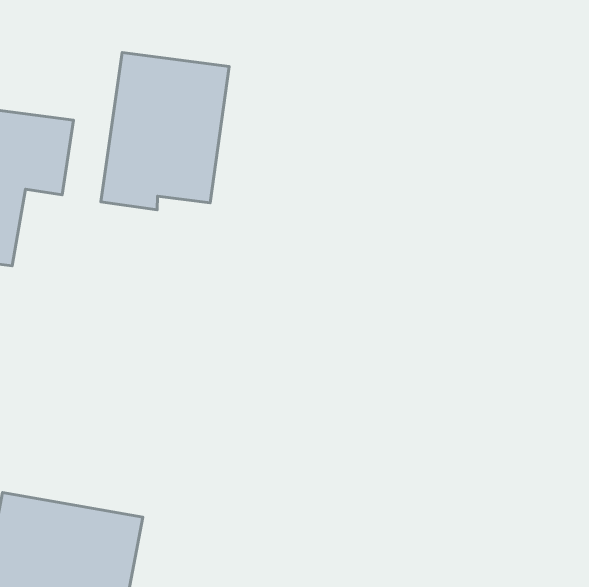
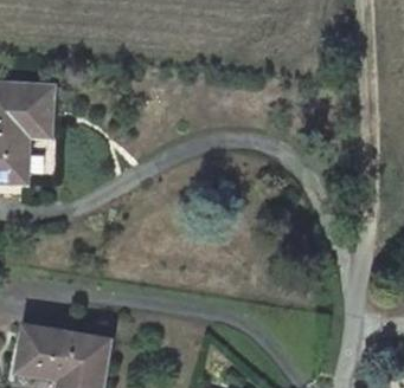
building: [101,53,229,210] -> none

